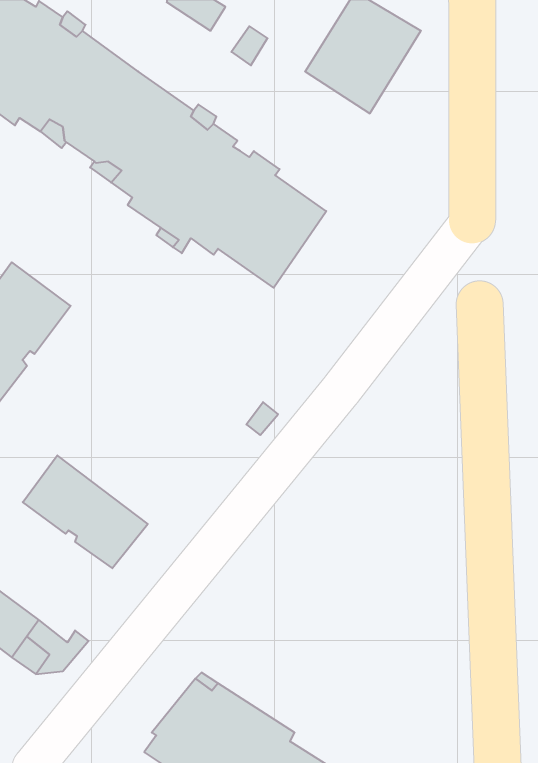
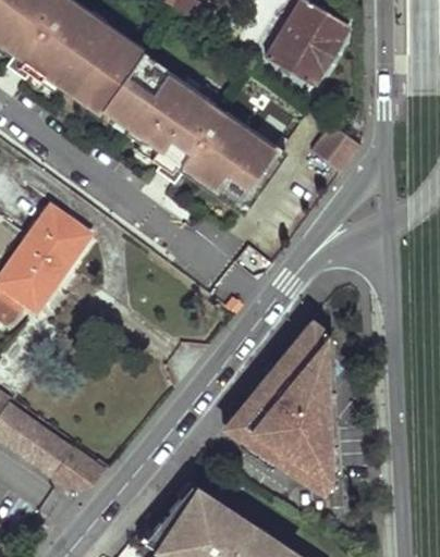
building: none -> [313,125,362,171]
building: none -> [225,320,325,490]
building: [23,455,148,568] -> none

